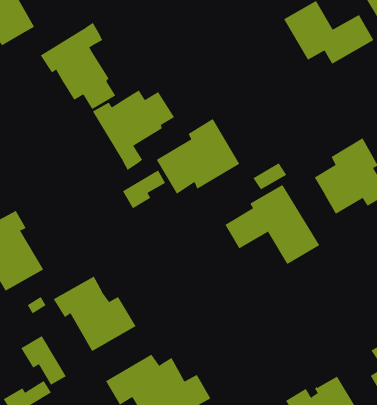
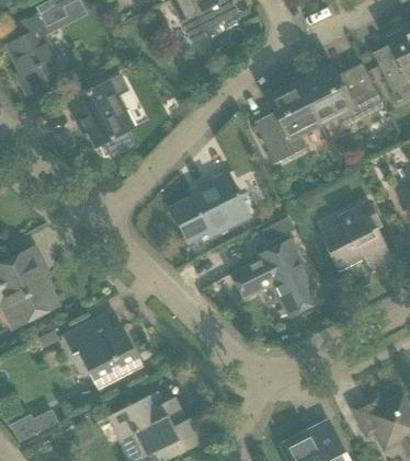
building: none -> [253,81,320,162]
building: [92,90,175,171] -> none
building: [122,169,166,209] -> none
building: [20,335,67,386] -> none

